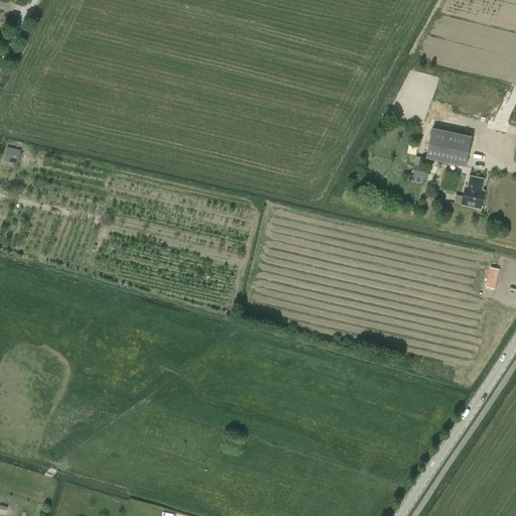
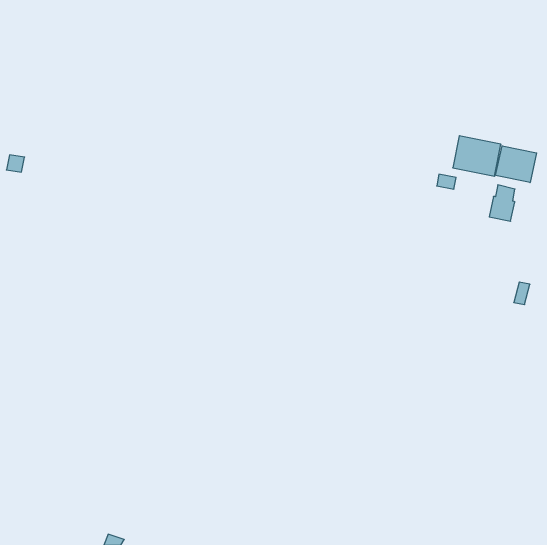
building: none -> [496,146,537,183]

